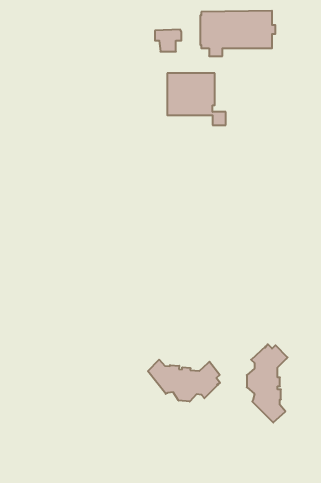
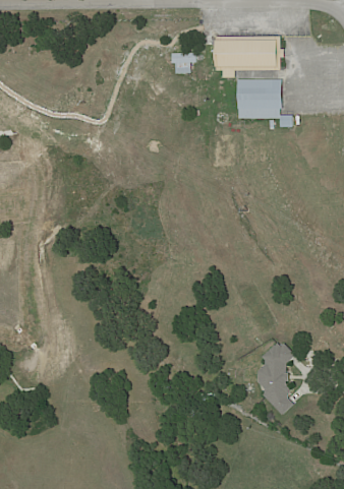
building: [167,73,226,125] -> [238,79,292,127]
building: [148,360,220,402] -> none

